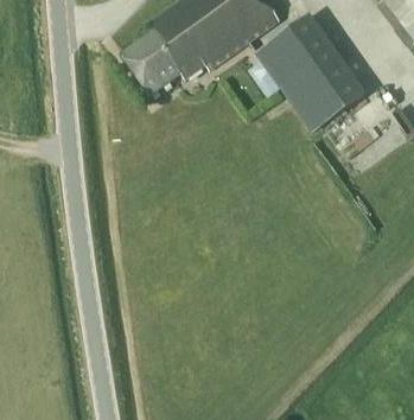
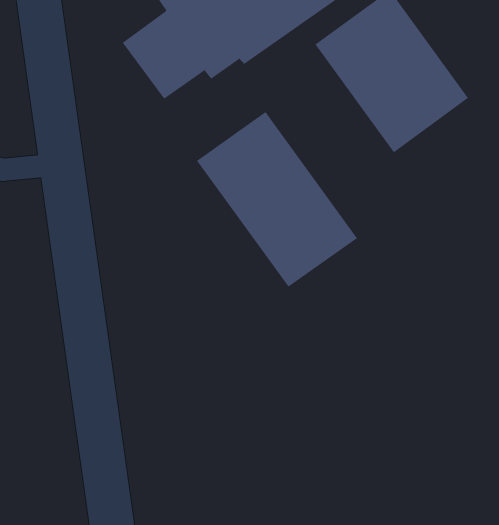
building: none -> [196,111,358,288]

